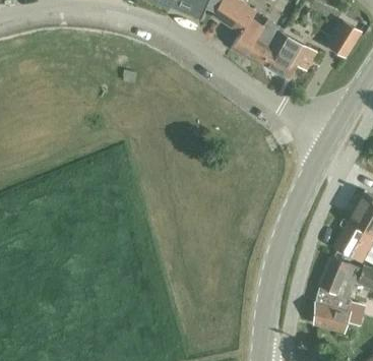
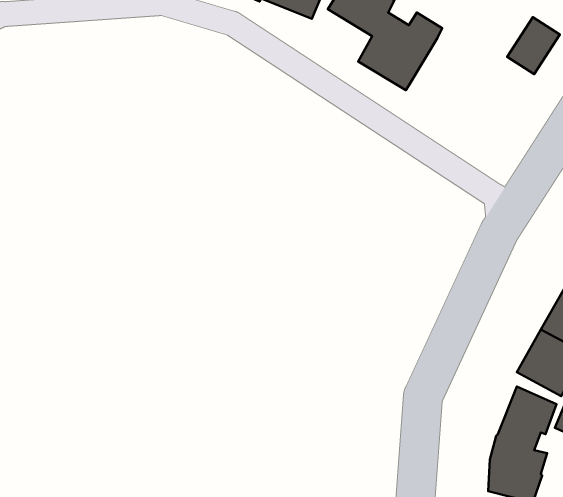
building: [264,33,316,77] -> none

